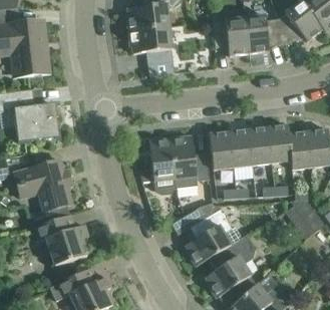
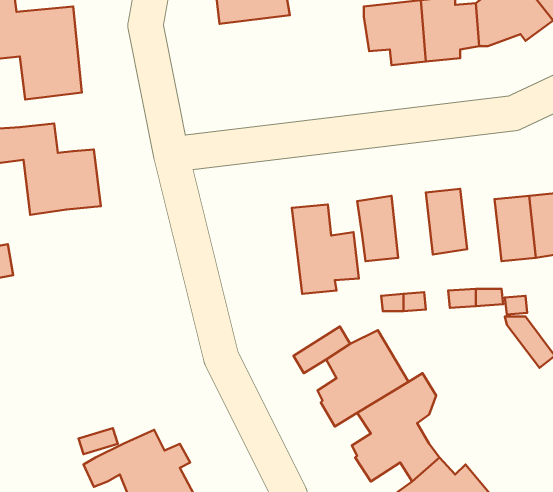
building: [128,26,175,76] -> none
building: [269,125,292,163] -> none
building: [229,129,253,168] -> none
building: [139,138,177,195] -> none
building: [14,160,72,212] -> none
building: [34,215,87,265] -> none

